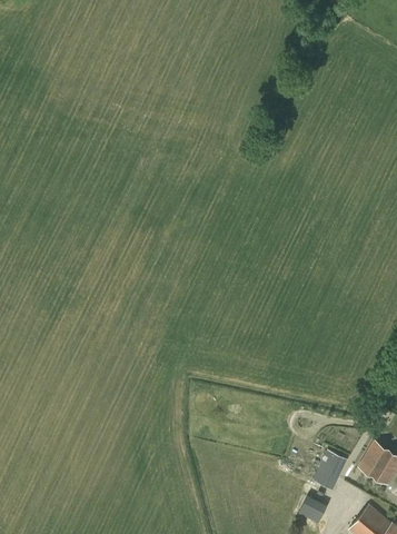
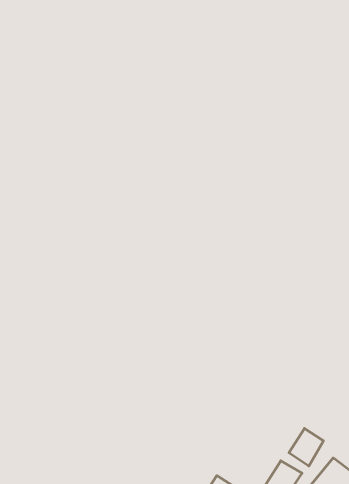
building: none -> [289,428,323,466]

